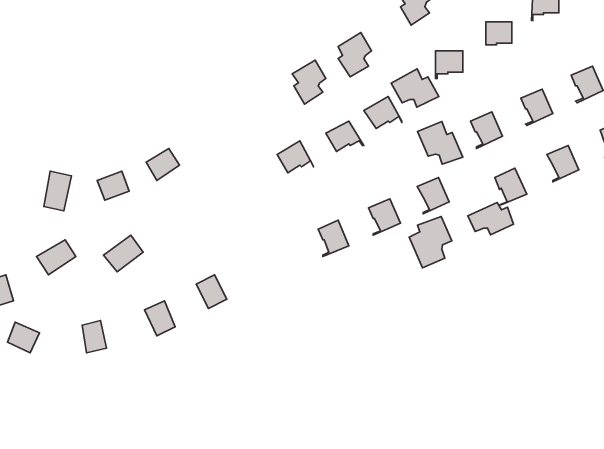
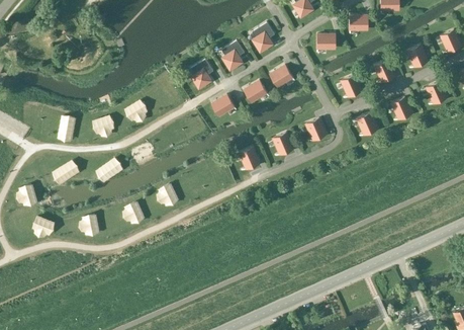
building: [391,69,439,107] -> none
building: none -> [190,59,213,88]
building: [418,121,463,164] -> none
building: [468,203,514,235] -> none
building: [409,217,452,268] -> none

